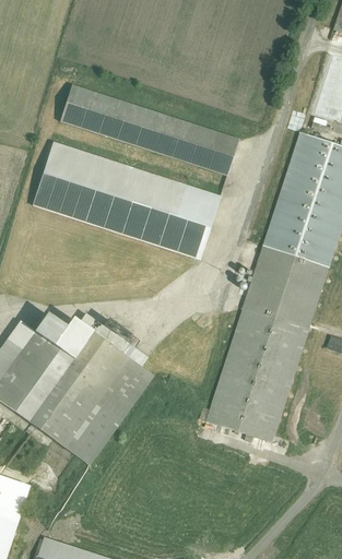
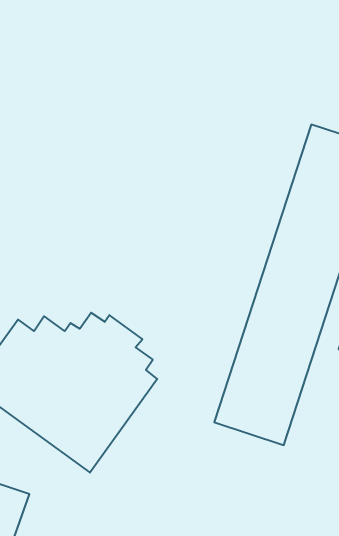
building: [62,86,238,176] -> none
building: [34,142,222,259] -> none

